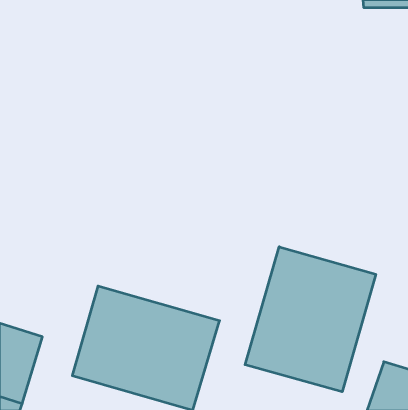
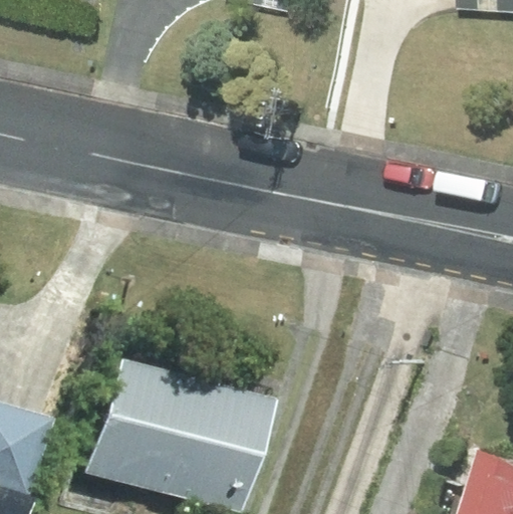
building: [245,247,376,392] -> none

